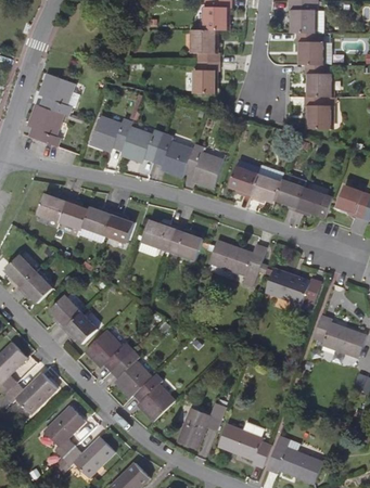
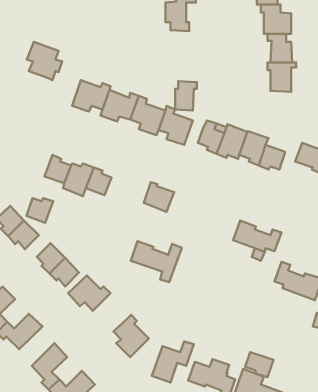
building: [194,60,218,92] -> [175,81,197,111]
building: [28,103,63,145] -> none
building: [38,194,67,221] -> [27,198,53,223]
building: [138,220,176,256] -> none
building: [208,241,265,286] -> [131,241,182,282]
building: [112,350,151,398] -> none
building: none -> [245,352,273,377]

